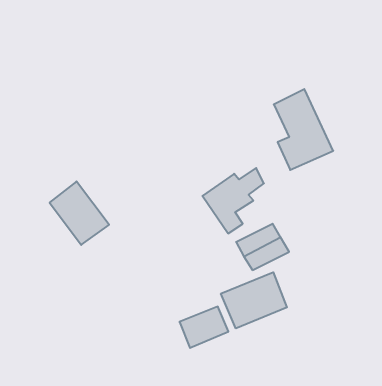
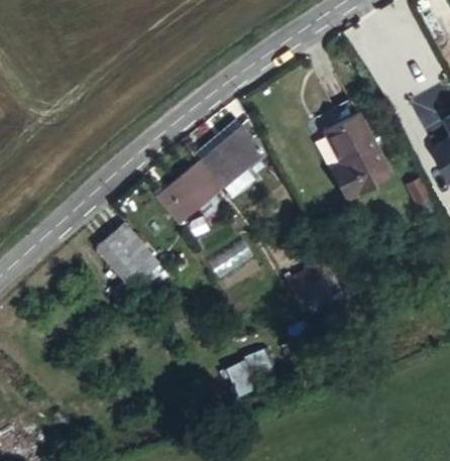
building: none -> [162,160,222,217]
building: [202,168,264,233] -> [205,128,269,197]
building: [221,272,287,328] -> none

